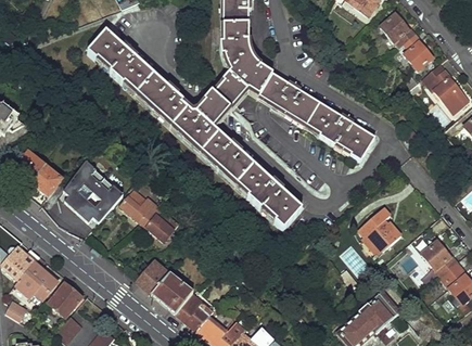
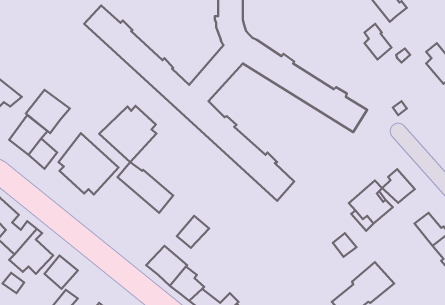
building: [404,34,431,69] -> [365,24,391,59]
building: none -> [26,90,70,133]
building: none -> [99,106,157,162]
building: none -> [382,169,415,203]
building: [137,261,169,294] -> [177,216,209,248]

